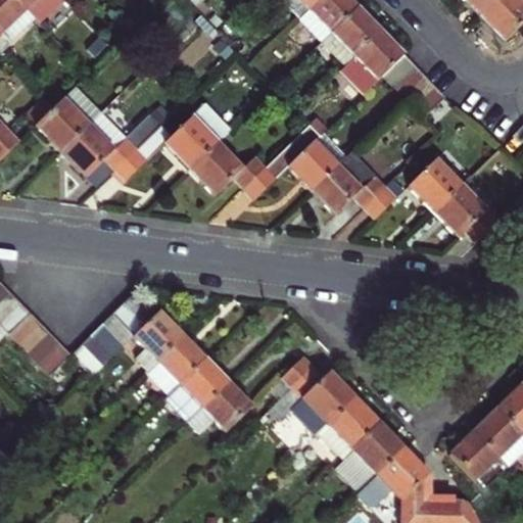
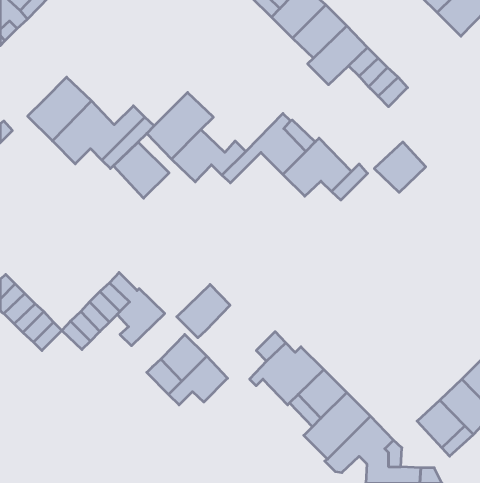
building: none -> [113,142,169,198]
building: [435,170,500,237] -> none
building: [148,336,205,393] -> [177,284,230,338]

